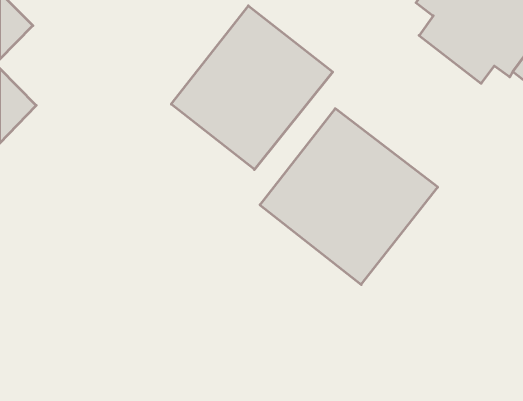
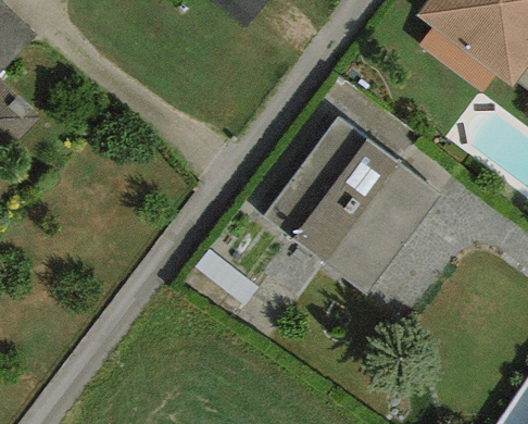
building: [171,6,333,170] -> none

